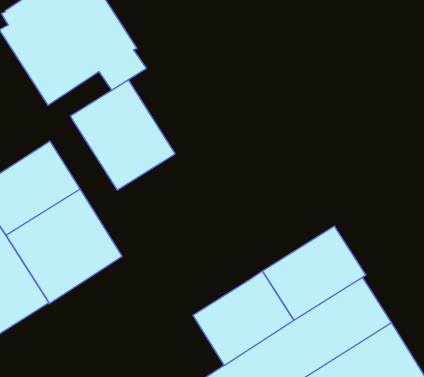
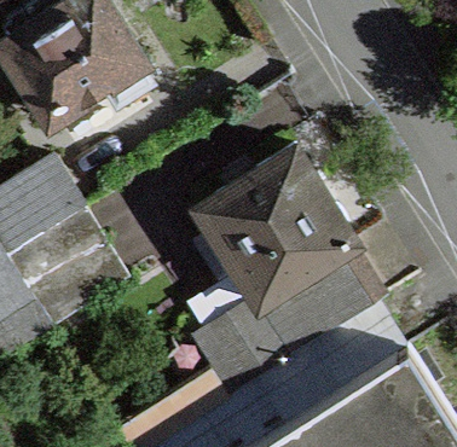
building: [70,80,175,190] -> none
building: none -> [198,149,357,306]

